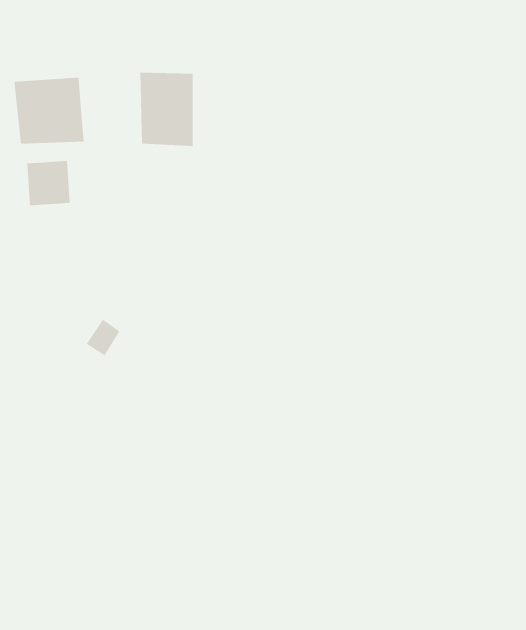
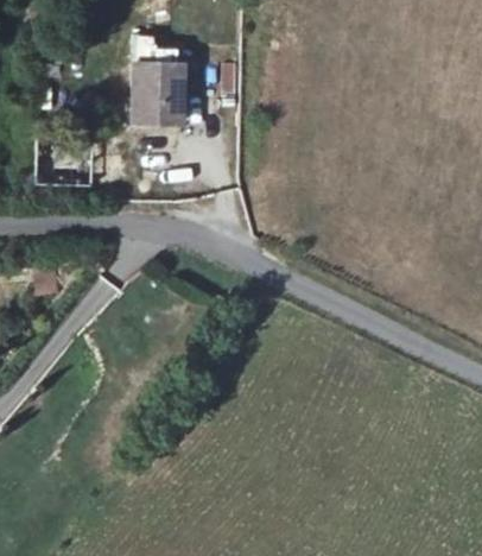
building: [14,77,84,145] -> none

